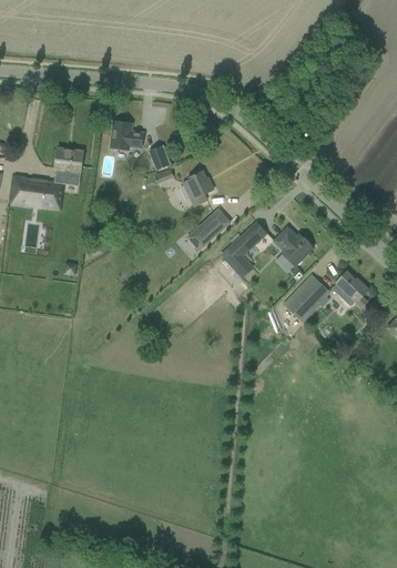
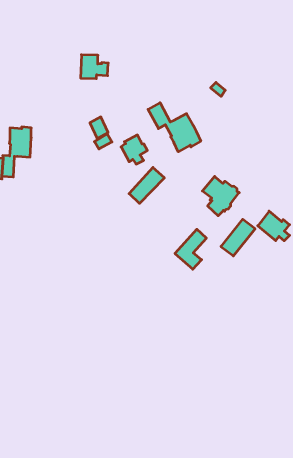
building: [110,120,143,149] -> [81,55,108,79]
building: none -> [148,103,201,152]
building: [221,229,258,274] -> [175,229,206,269]

